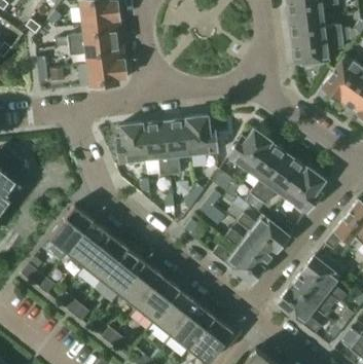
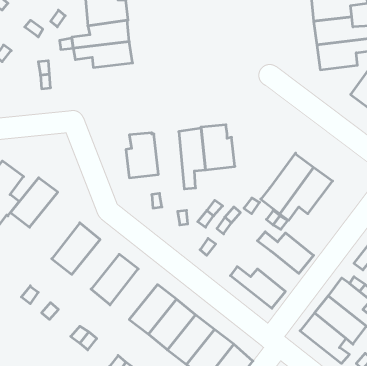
building: [79,60,125,88] -> none
building: [142,122,170,176] -> none
building: [226,129,271,174] -> none
building: [283,168,325,214] -> none
building: [67,221,110,266] -> [11,178,58,227]
building: [224,229,275,268] -> none
building: [102,248,145,294] -> none

